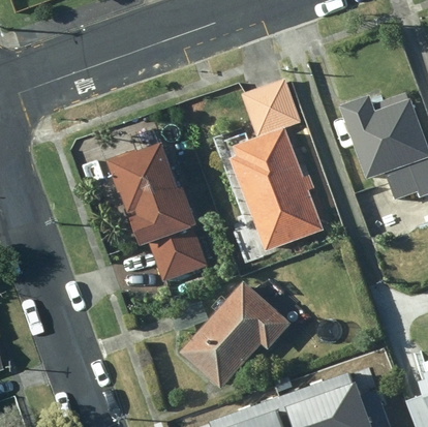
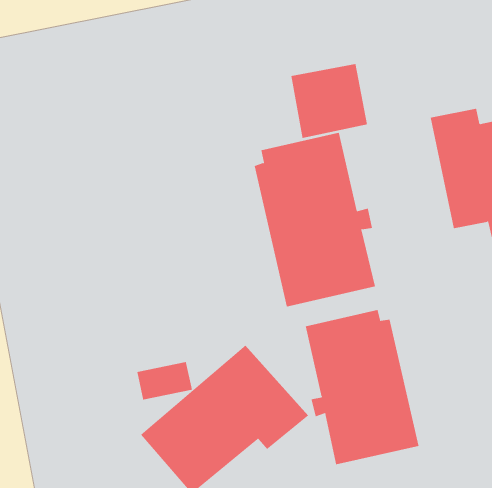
building: [99,144,204,280] -> none
building: none -> [305,309,419,465]

